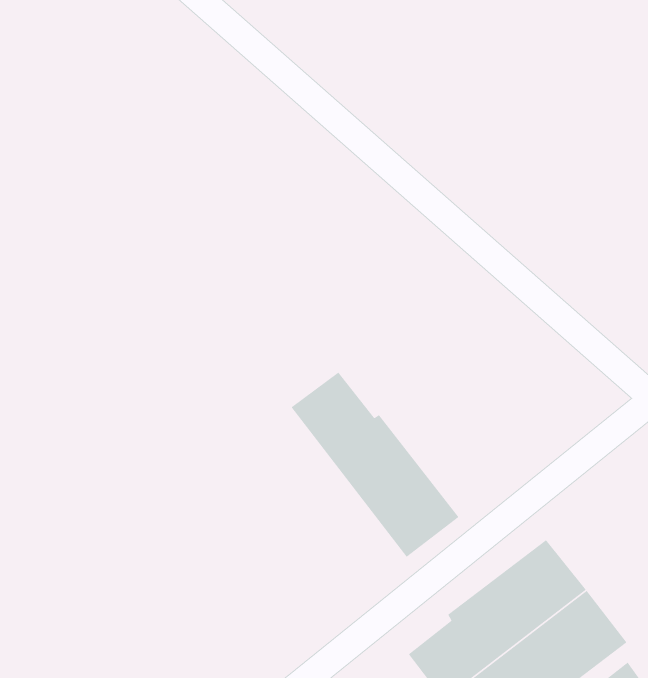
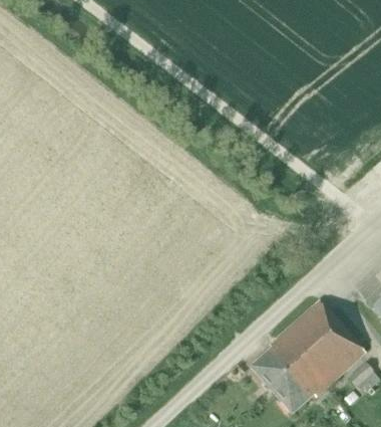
building: [290,371,459,558] -> none

